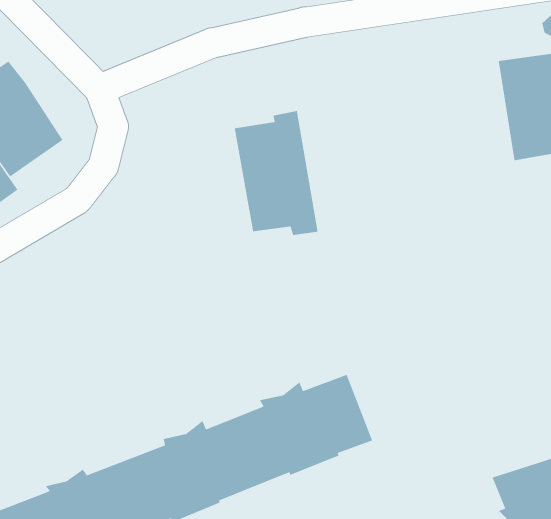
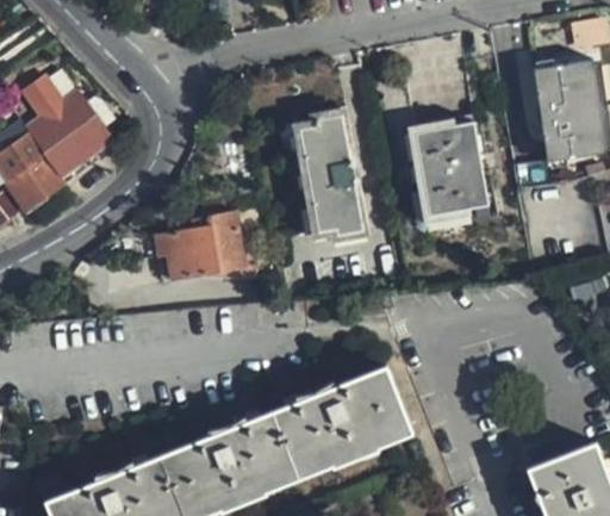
building: none -> [413,125,486,217]
building: none -> [156,212,247,281]

